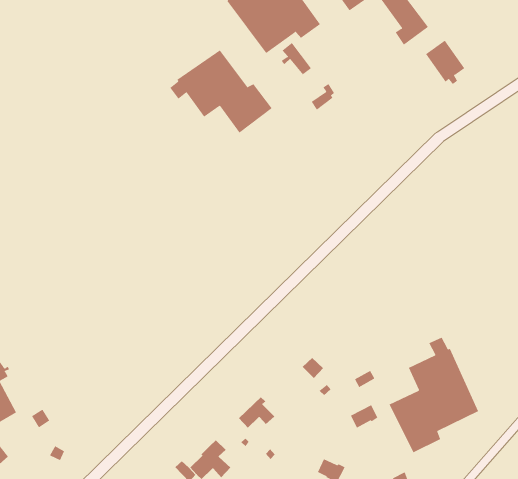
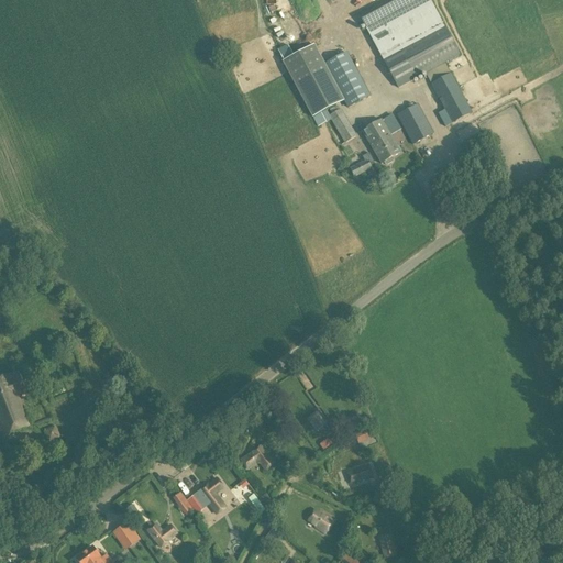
building: [425,40,465,85] -> [397,102,433,146]
building: none -> [362,119,400,163]
building: [170,49,272,134] -> none
building: [389,337,479,453] -> none

